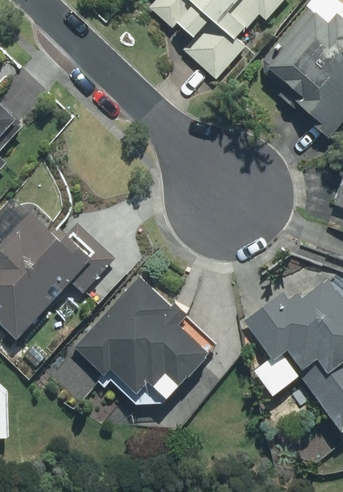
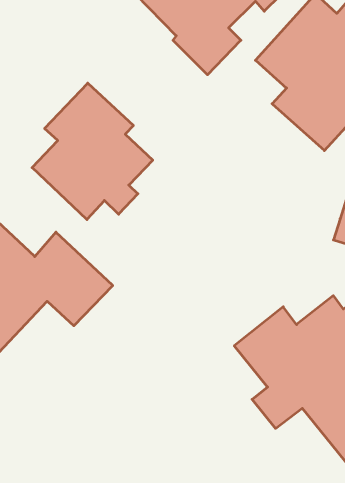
building: none -> [32,83,153,220]
building: [74,271,219,404] -> none

